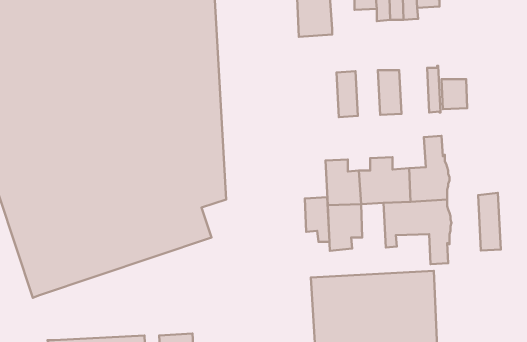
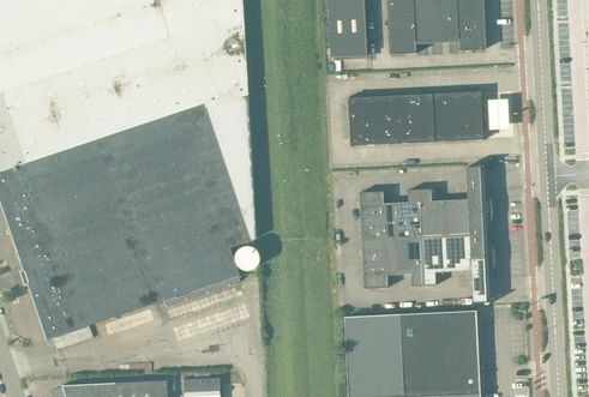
building: none -> [458,25,483,50]
building: none -> [391,28,416,54]
building: none -> [439,91,471,140]
building: none -> [392,94,419,143]
building: none -> [348,96,374,146]
building: [478,193,501,251] -> none
building: [305,197,330,242] -> [398,236,425,284]

